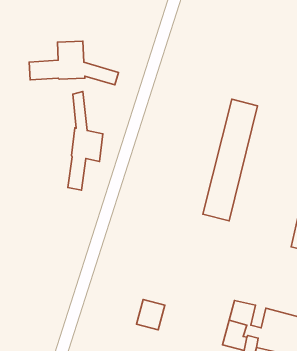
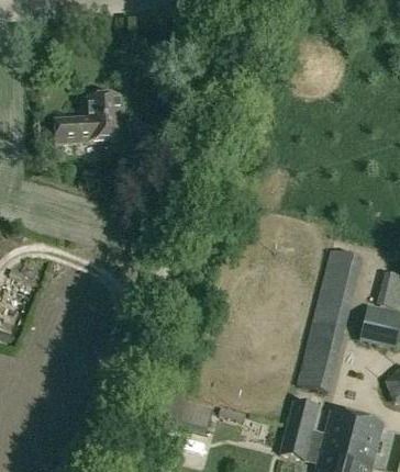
building: [68,91,103,190] -> none
building: [203,99,257,221] -> [298,248,362,390]

